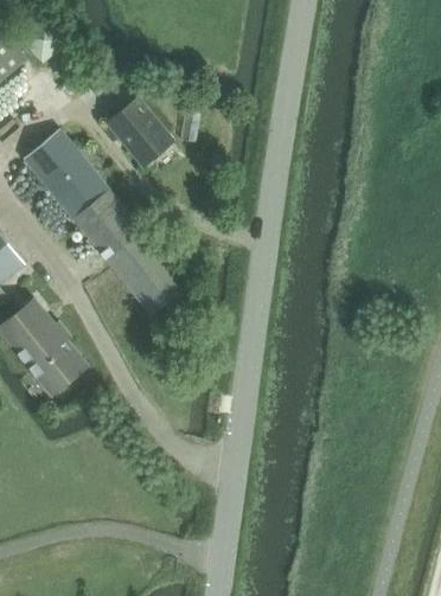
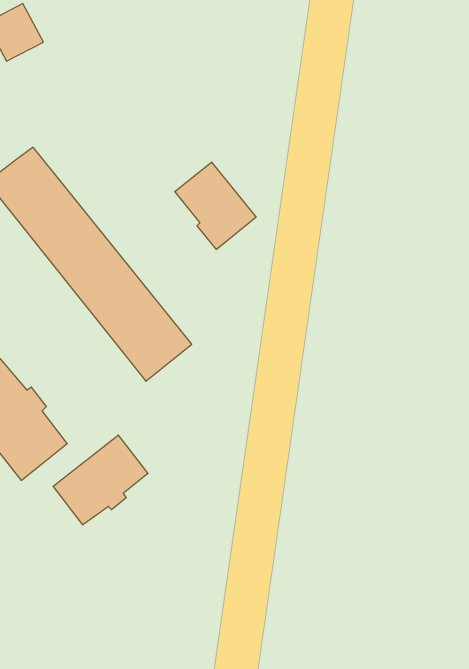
building: [108,98,173,168] -> [175,162,256,249]
building: none -> [53,435,148,525]

